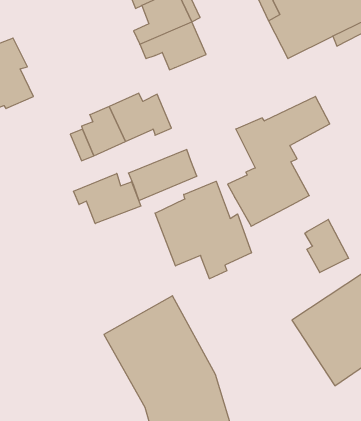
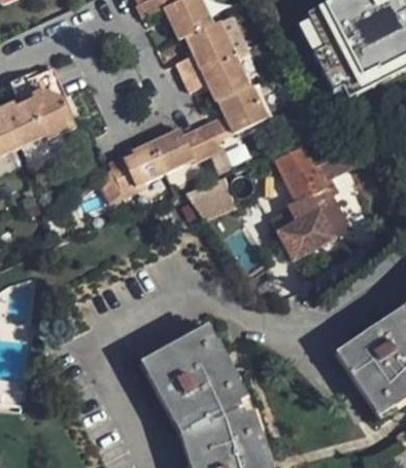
building: none -> [197,83,265,159]
building: [74,173,141,224] -> none
building: [155,181,251,279] -> none
building: [305,219,349,273] -> none

